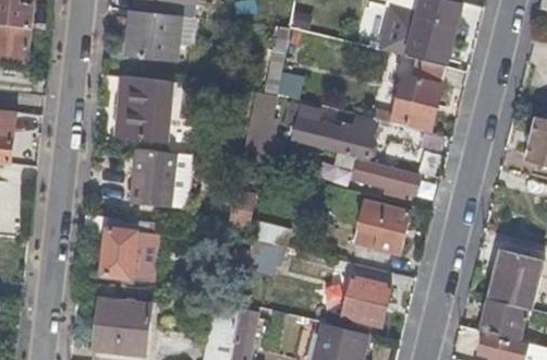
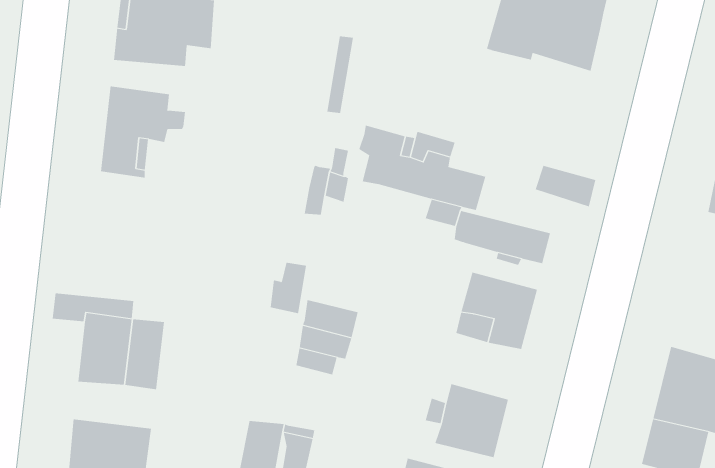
building: [373,50,445,128] -> none
building: [131,148,192,206] -> none

